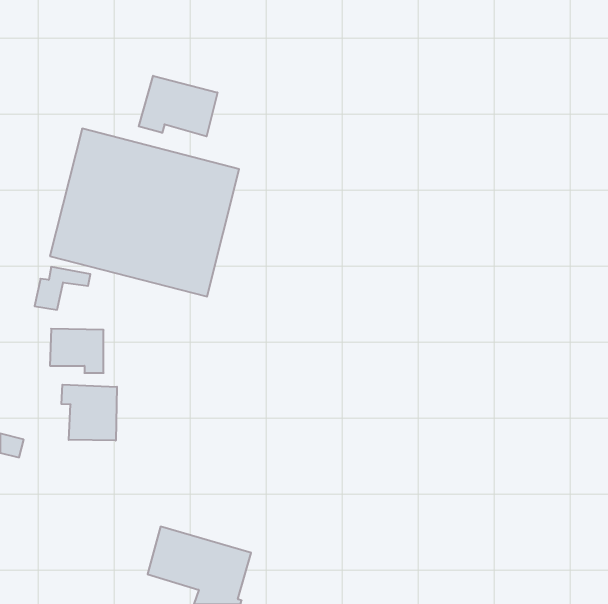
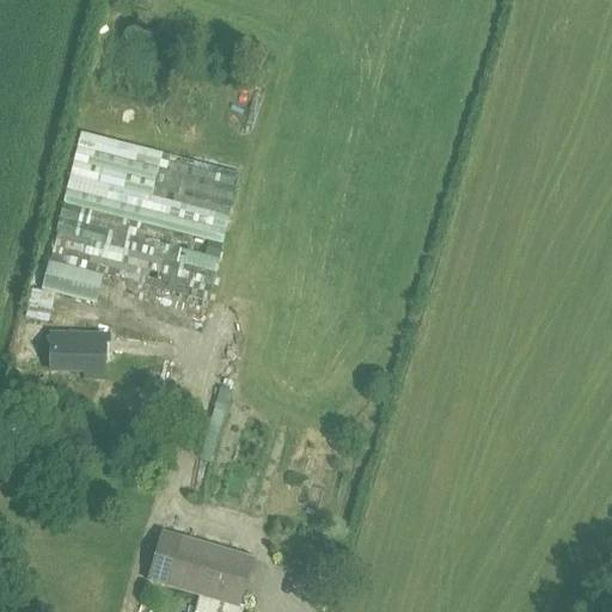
building: [139,76,217,136] -> none
building: [61,385,117,441] -> none

